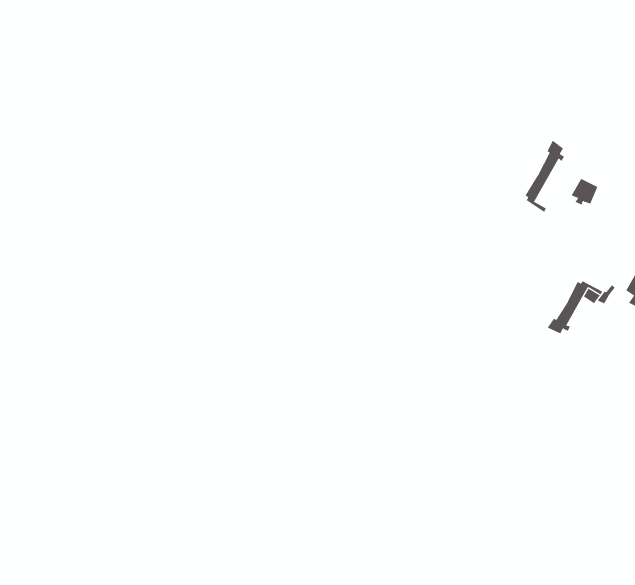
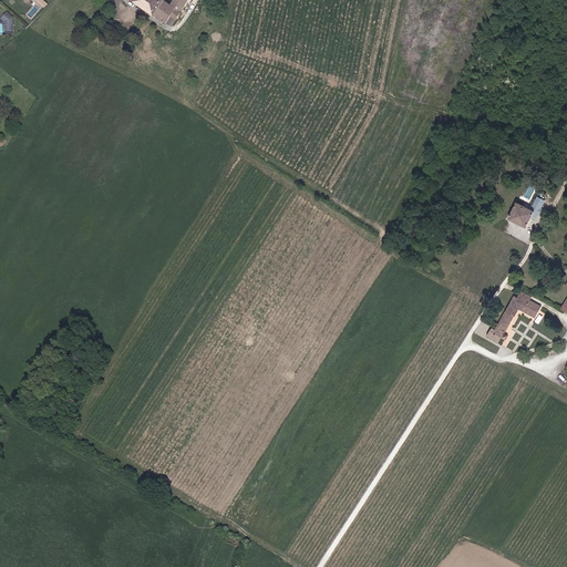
building: [525,140,565,213] -> none

